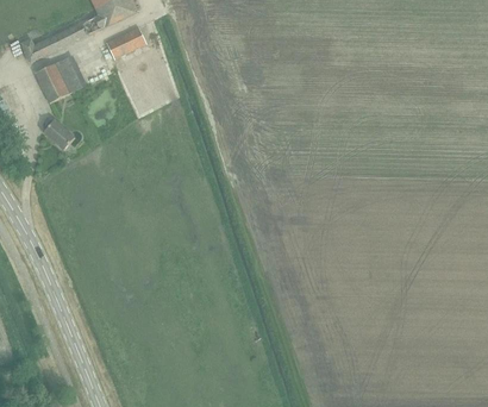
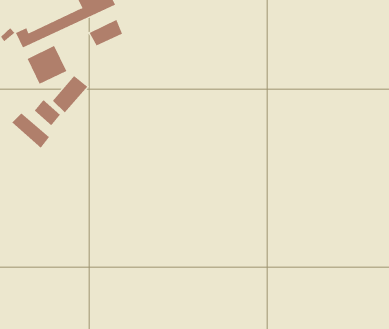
building: none -> [52,75,88,113]
building: none -> [12,112,50,148]

